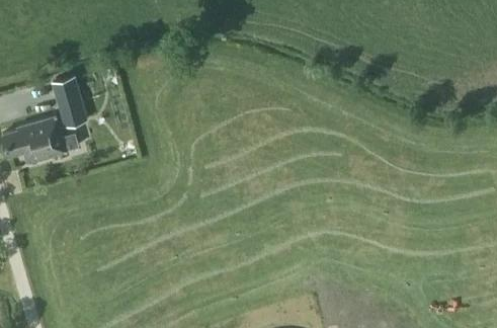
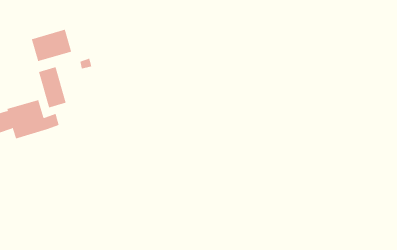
building: none -> [31,29,72,62]

